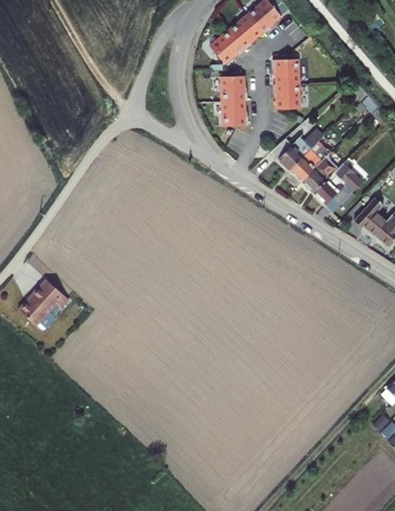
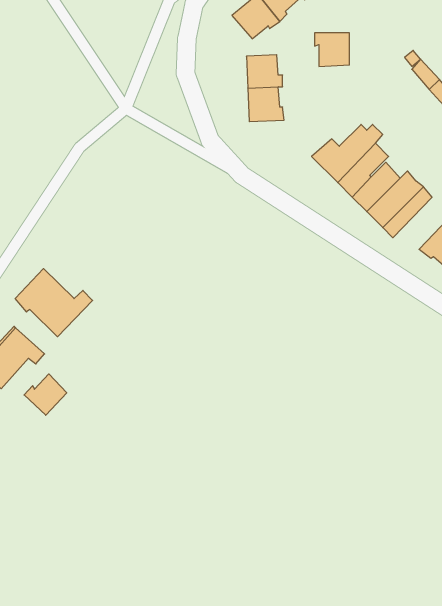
building: [274,83,300,109] -> none
building: none -> [15,269,93,337]
building: none -> [24,374,67,415]

